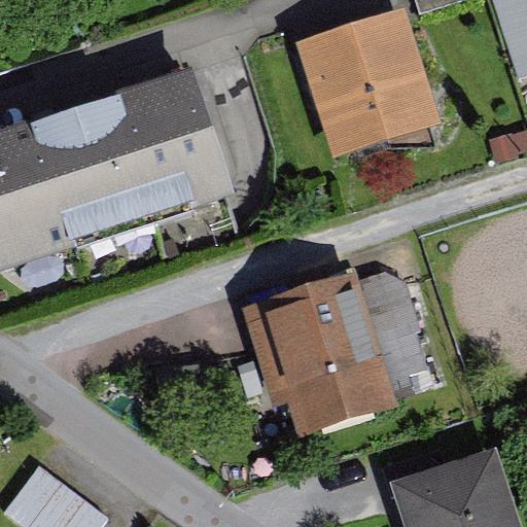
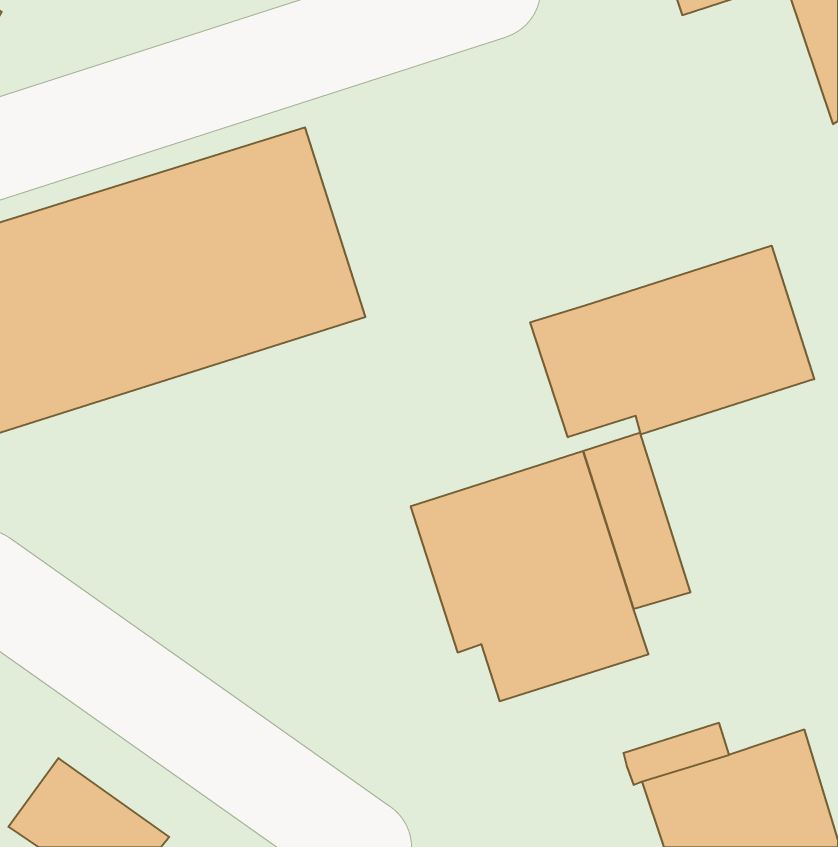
building: [301,15,436,156] -> none
building: none -> [530,246,814,437]

